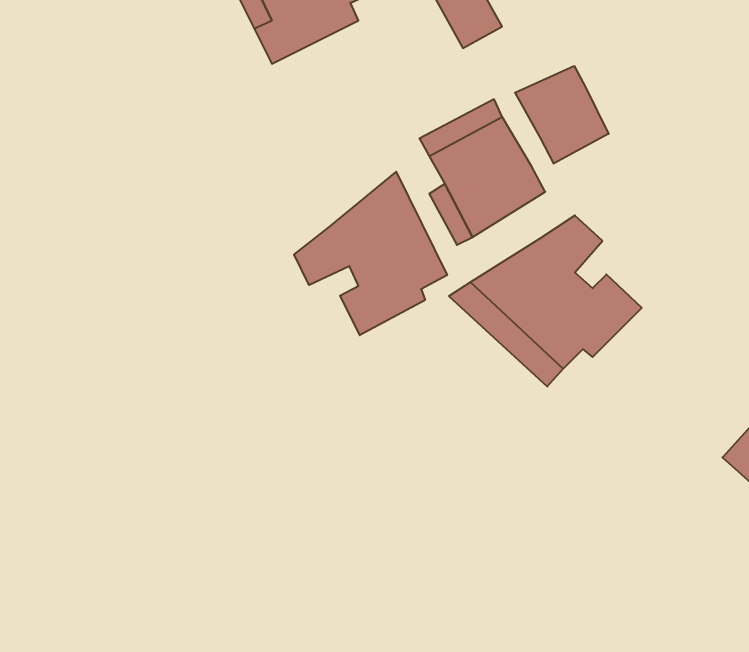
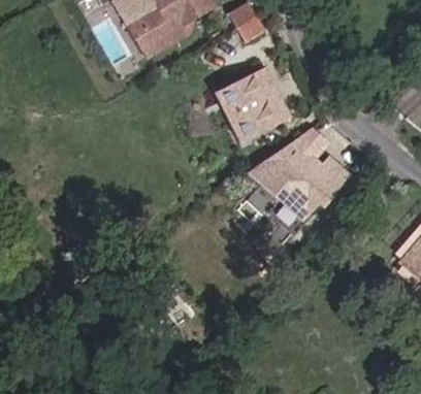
building: [515,66,609,164] -> none
building: [294,172,447,335] -> none

